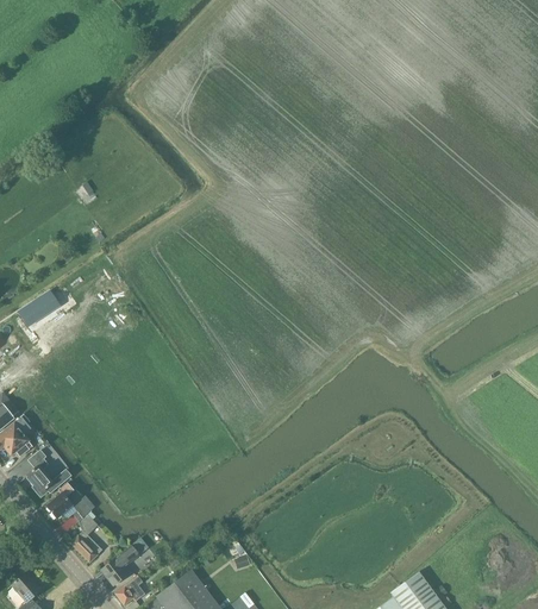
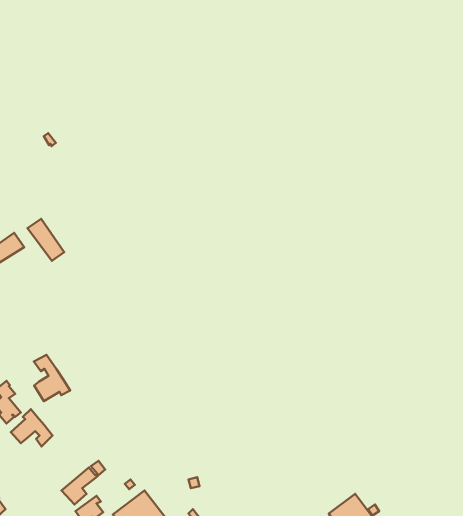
building: none -> [28,219,64,261]
building: none -> [34,355,70,401]
building: [71,516,102,563] -> none

